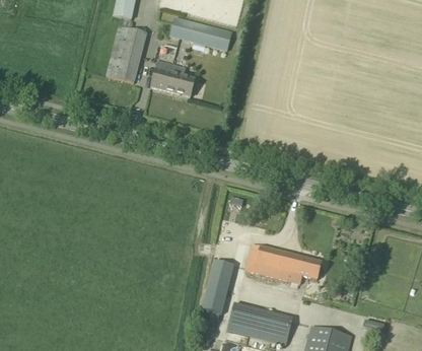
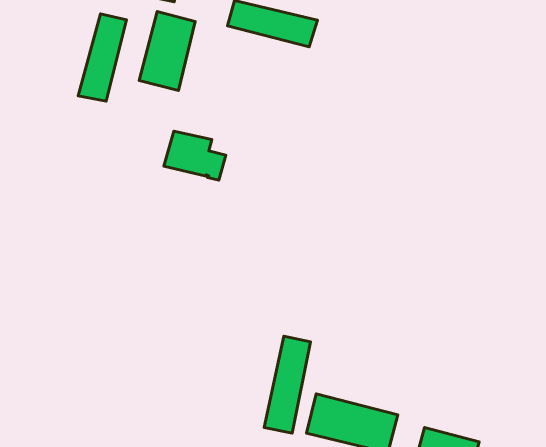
building: none -> [78,14,127,101]
building: [150,61,195,96] -> [164,131,226,180]
building: [244,243,321,288] -> none

